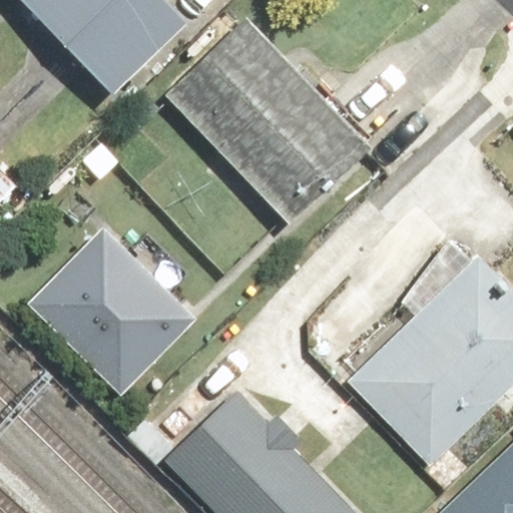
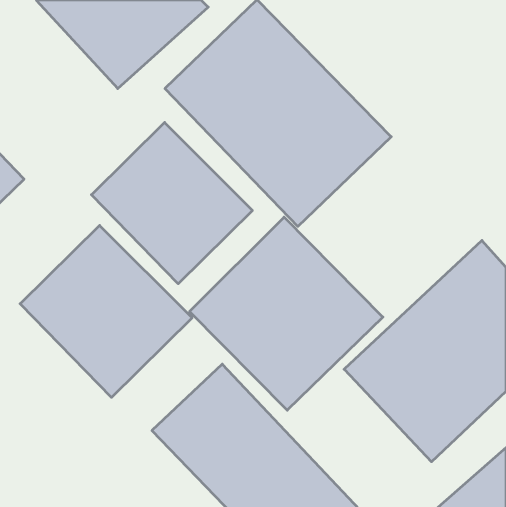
building: none -> [91,122,252,284]
building: none -> [190,217,383,410]

